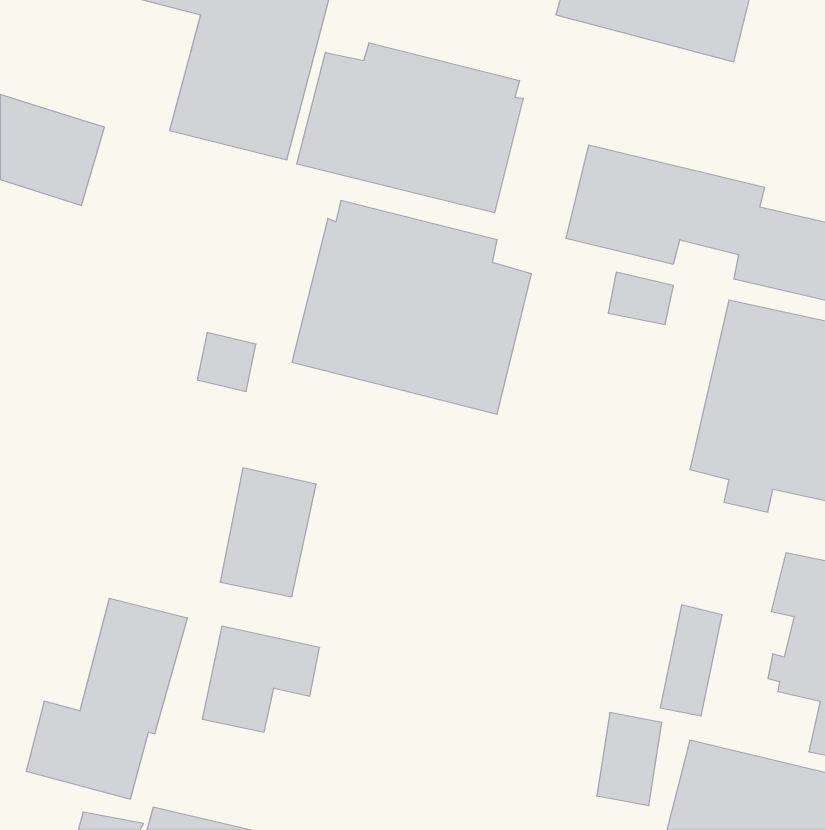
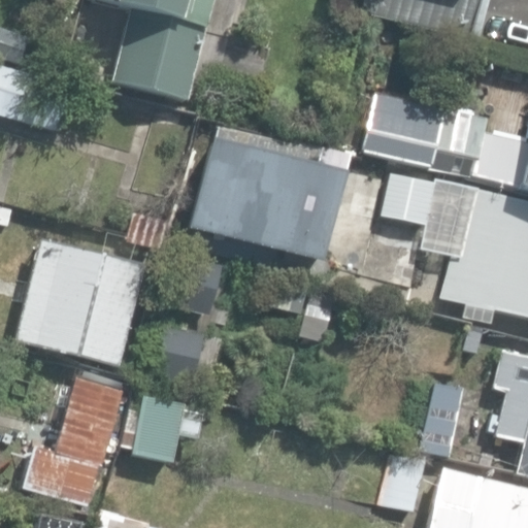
building: [297,43,523,213] -> none
building: none -> [12,236,145,366]

